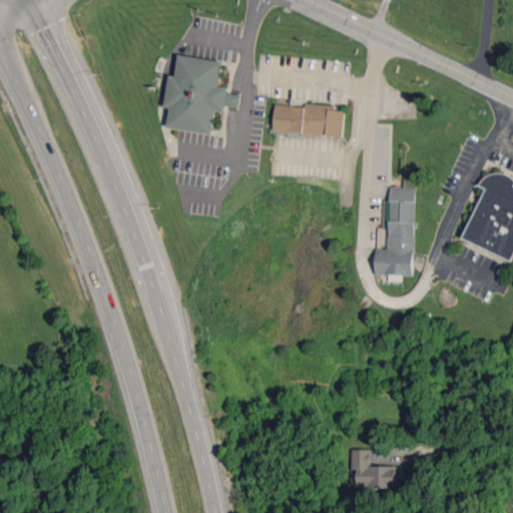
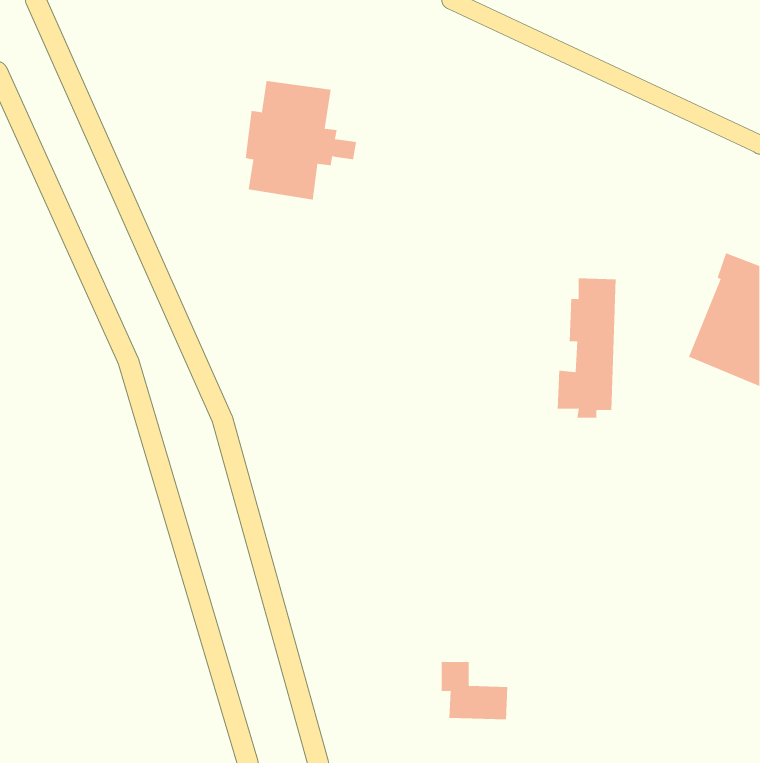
building: [272,103,343,135] -> none
building: [351,449,396,488] -> [441,662,508,720]

